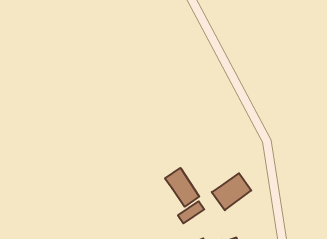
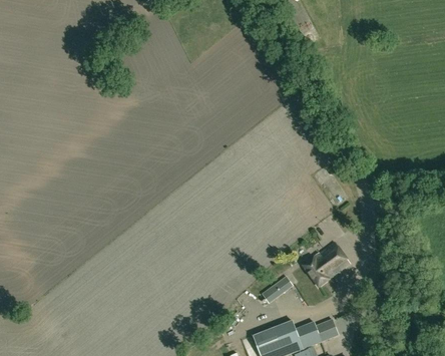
building: [165,168,199,207] -> none

